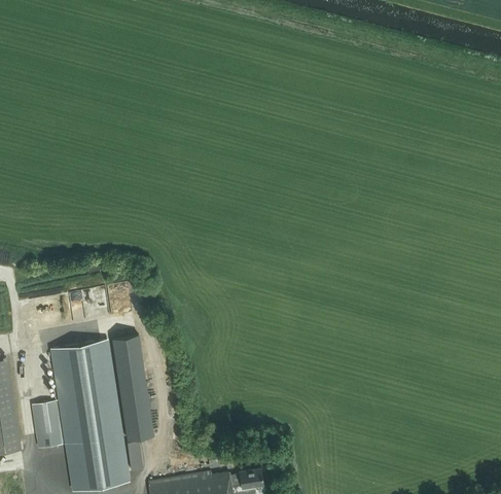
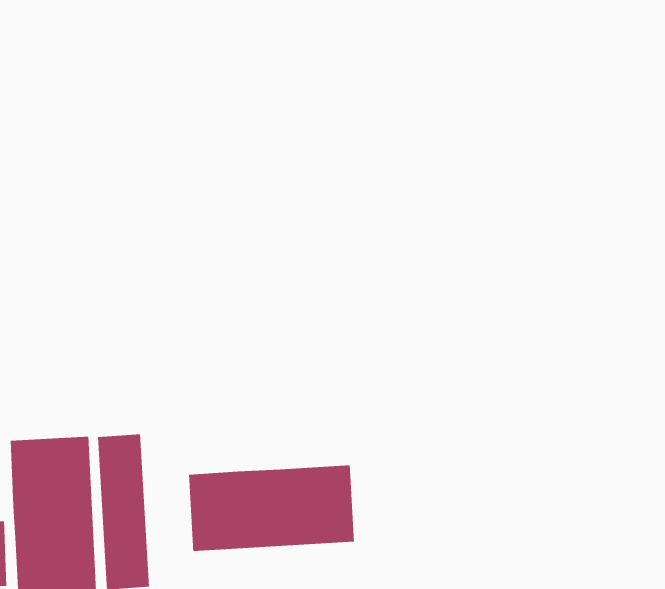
building: none -> [188,465,355,552]

